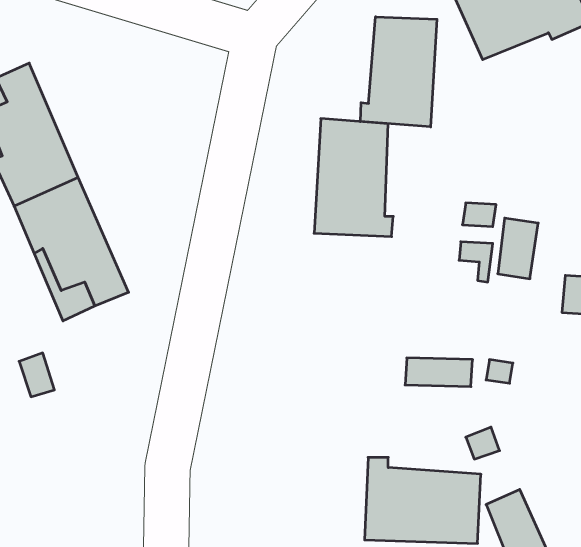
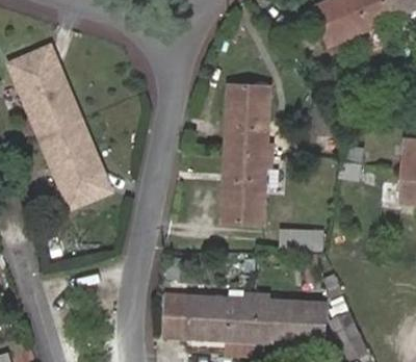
building: [360,17,437,127] -> none
building: none -> [220,153,271,225]
building: none -> [164,290,257,342]

